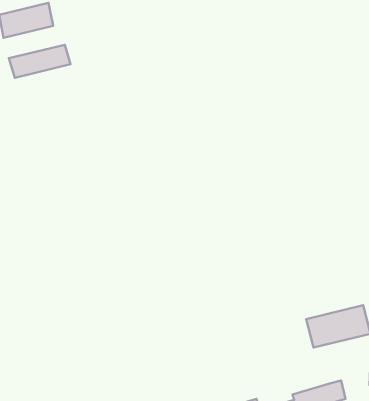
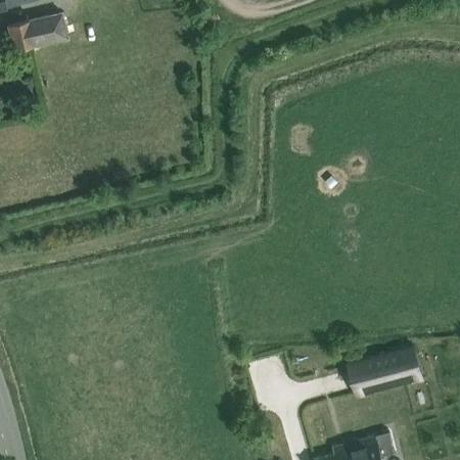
building: [9,45,71,78] -> none

